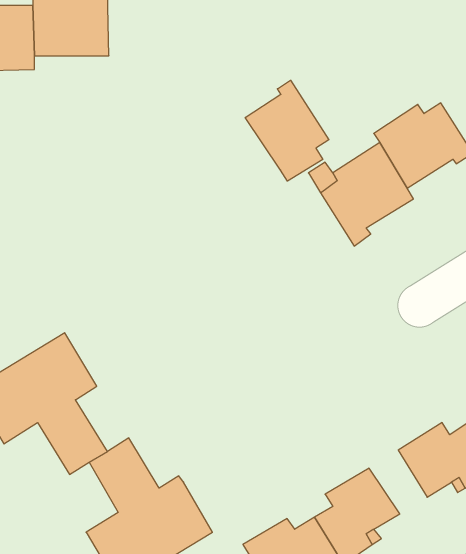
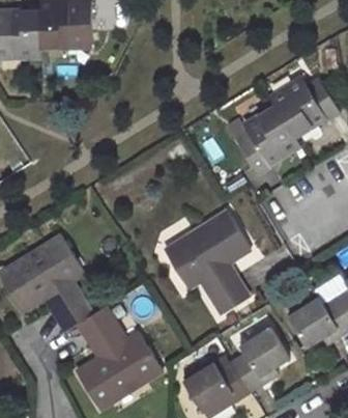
building: [245,80,329,181] -> none
building: none -> [165,211,251,314]

